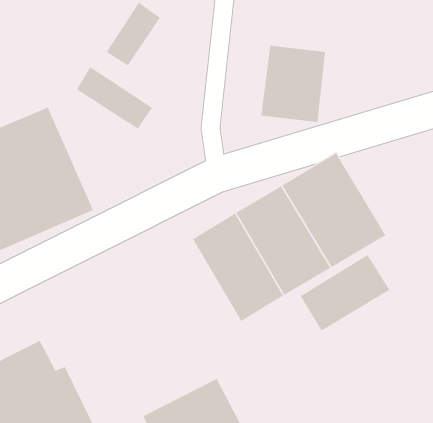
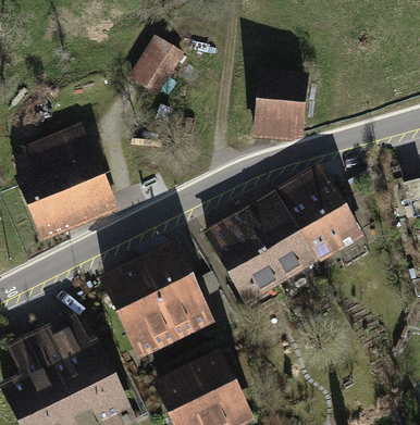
building: [76,66,153,130] -> none
building: none -> [99,239,215,357]
building: [300,254,390,331] -> none

